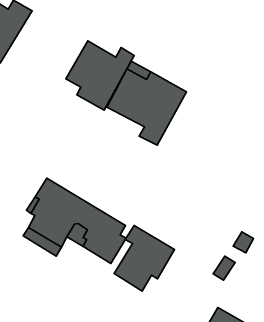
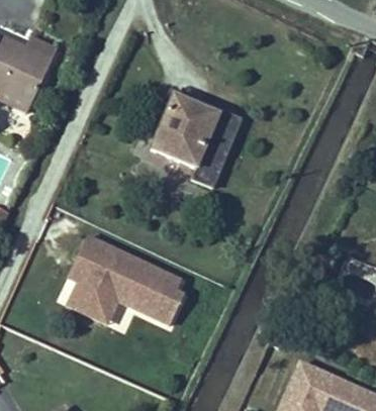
building: [66,41,134,110] -> none
building: [114,226,175,291] -> none

